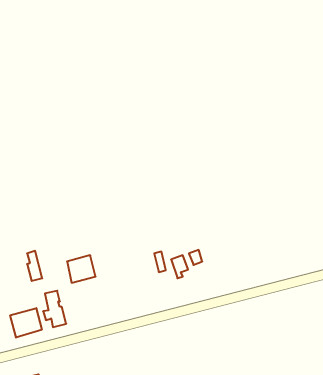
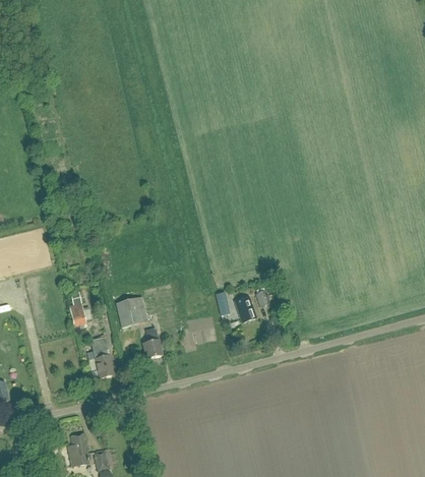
building: none -> [143,327,162,358]
building: [10,308,42,338] -> none

